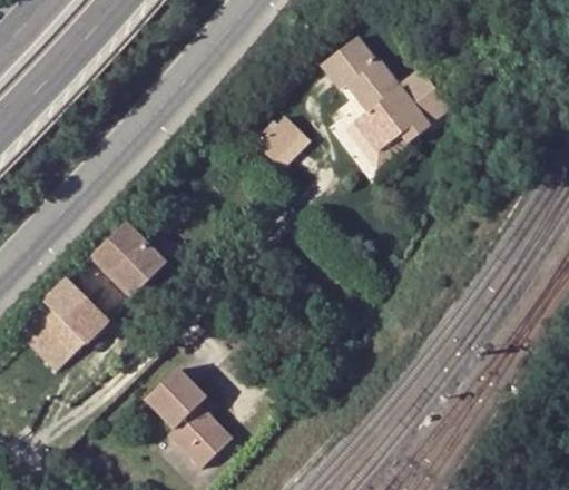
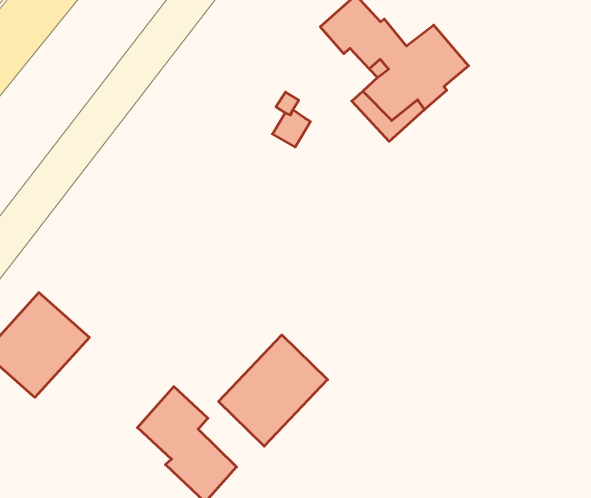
building: [90,223,182,297] -> none
building: none -> [219,335,328,446]

